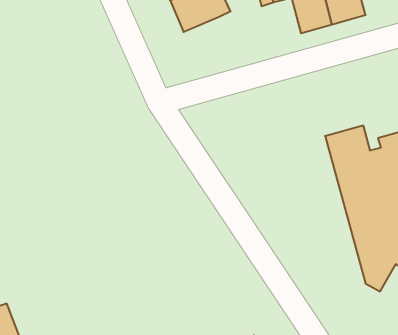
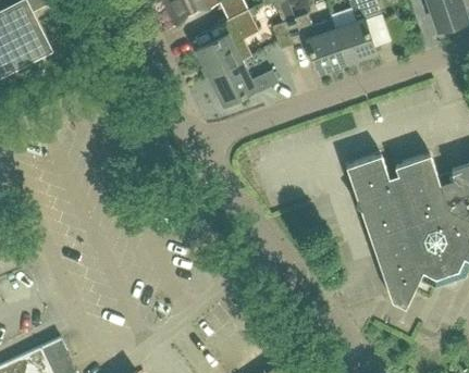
building: none -> [209,63,277,105]

